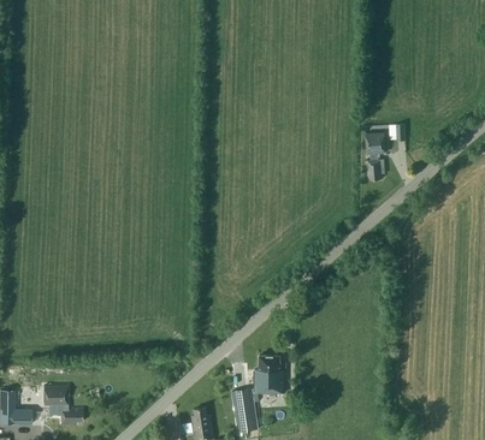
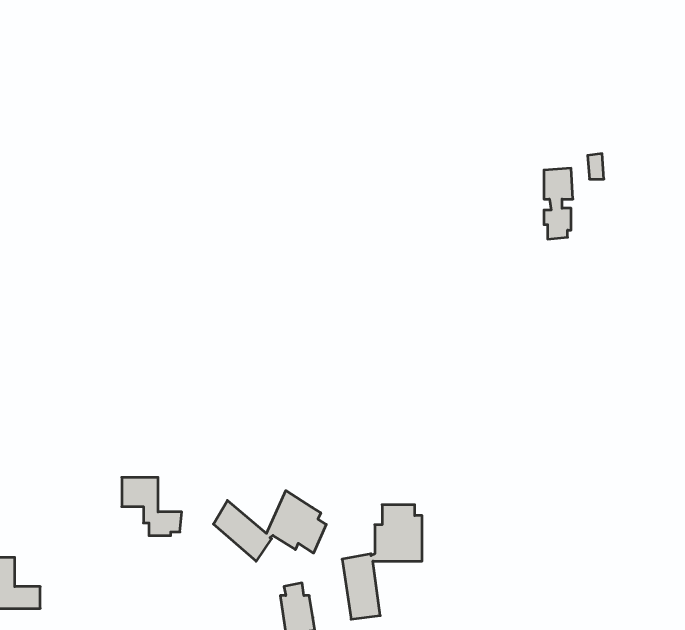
building: none -> [213,491,326,561]
building: [43,385,83,423] -> [122,477,182,536]

